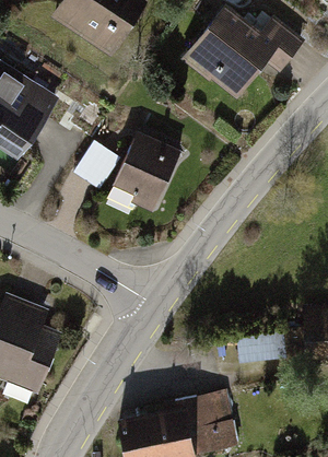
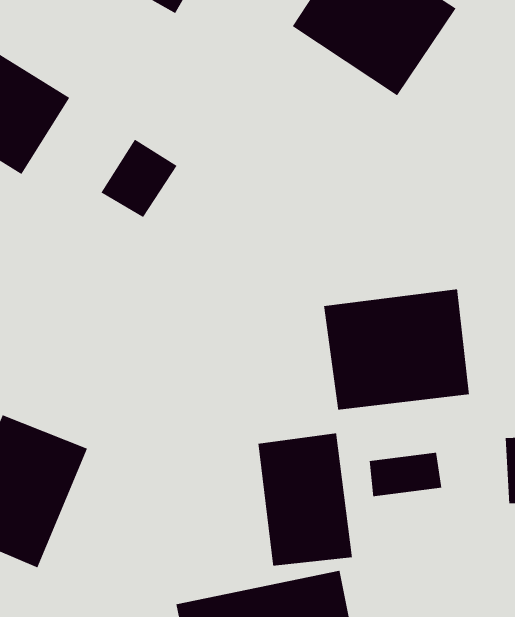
building: [112,138,178,214] -> none
building: none -> [324,288,469,411]
building: none -> [258,433,353,566]

